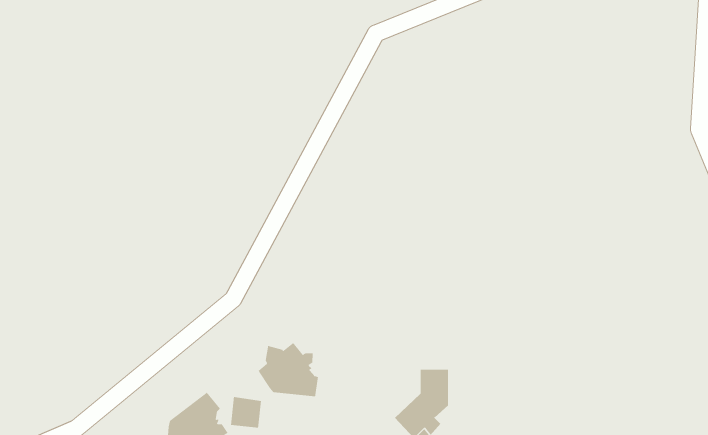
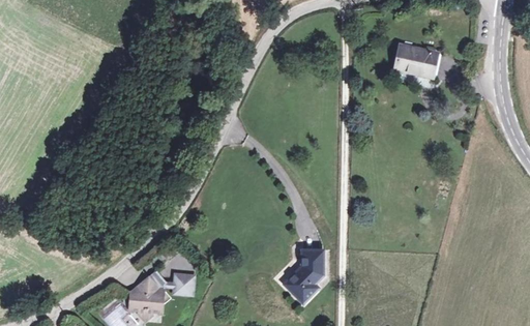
building: none -> [394,43,435,76]
building: [258,342,318,397] -> none

